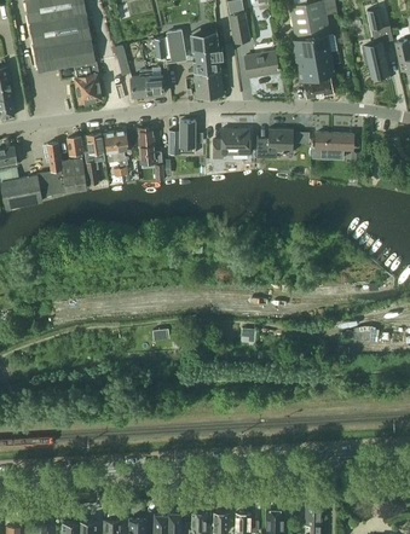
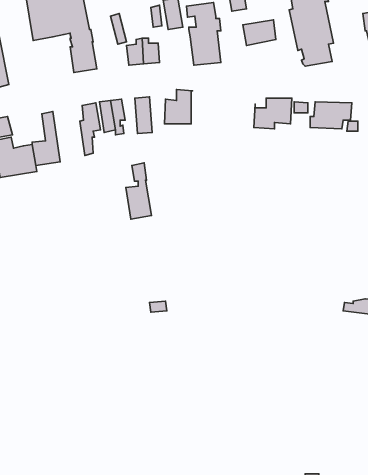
building: [213,129,249,159] -> none
building: [62,137,87,192] -> [126,163,152,219]

